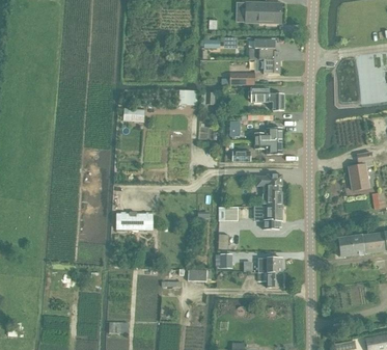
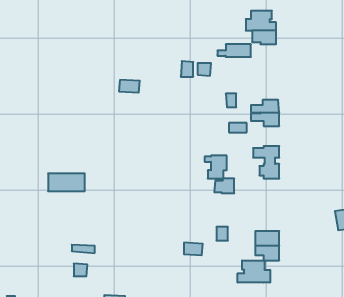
building: [251,87,284,110] -> none
building: [260,206,282,228] -> [205,156,227,179]
building: [116,212,153,230] -> [48,173,85,191]
building: none -> [238,260,270,283]

